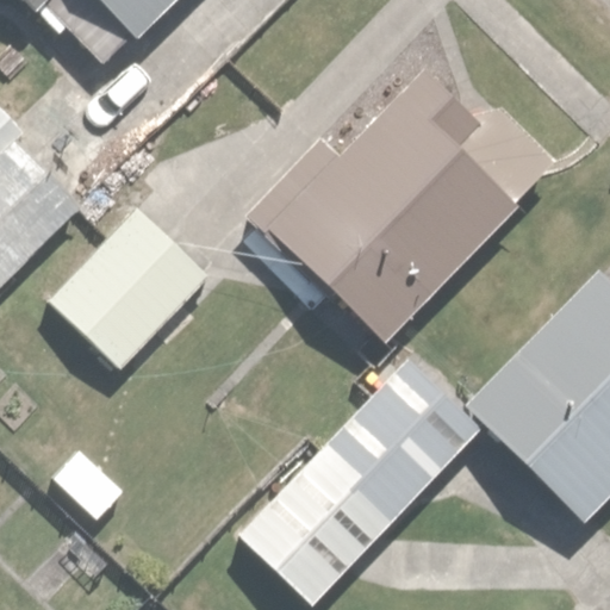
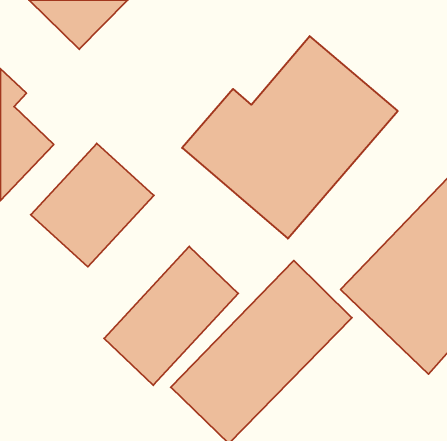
building: none -> [104,246,238,385]

